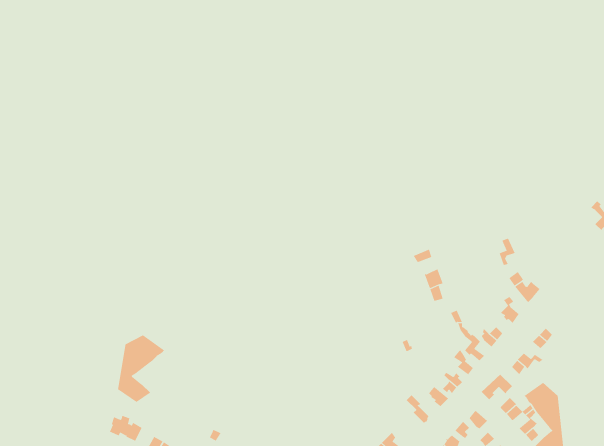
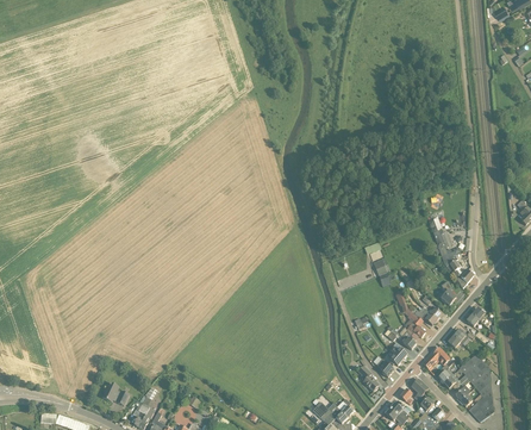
building: [117,334,165,403] -> none

